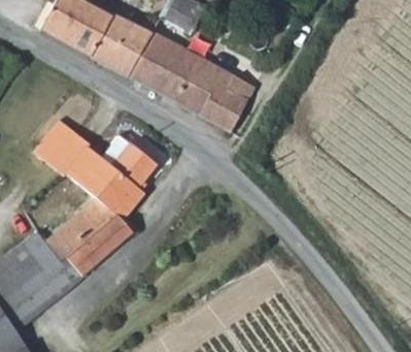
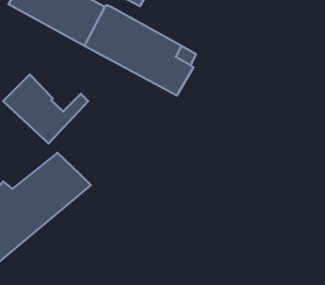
building: [87,138,158,220] -> none

